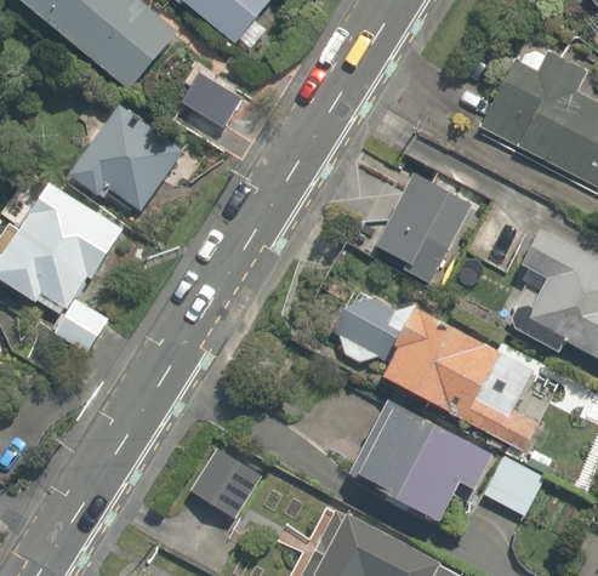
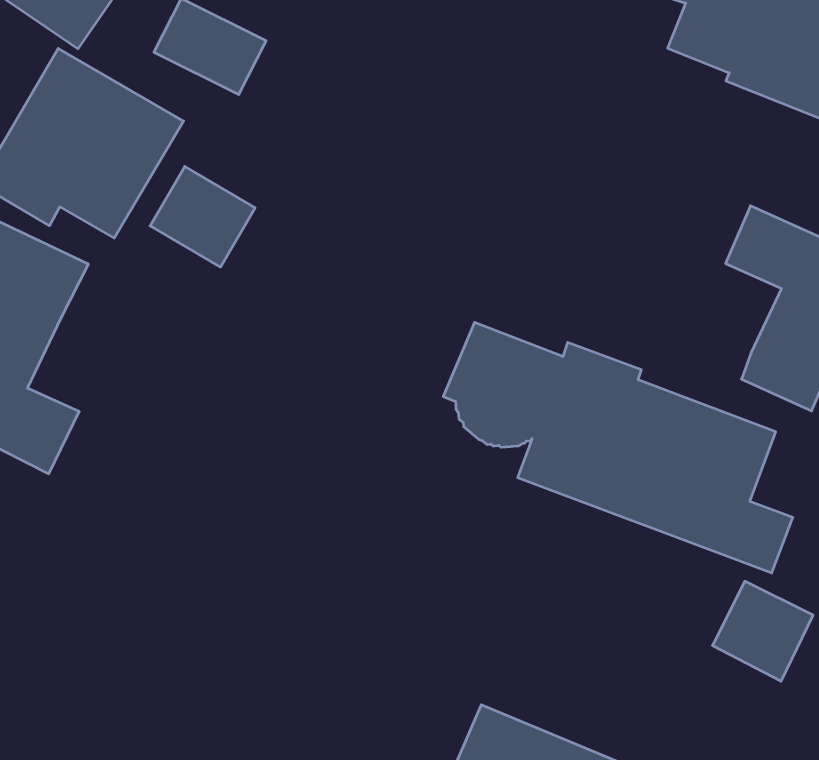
building: none -> [150,166,255,267]
building: [371,177,475,284] -> none
building: [349,403,485,519] -> none
building: [194,446,268,524] -> none

